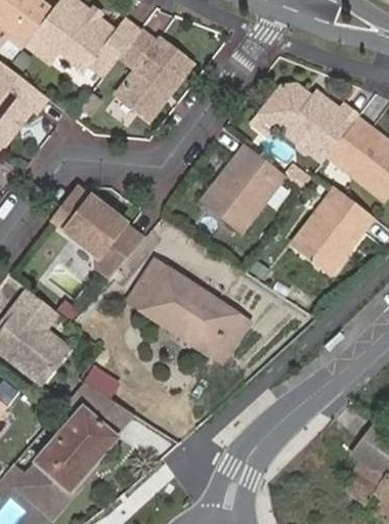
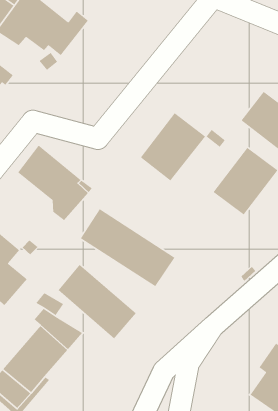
building: [117,28,191,118] -> none
building: [262,84,356,160] -> none
building: none -> [57,264,137,340]

